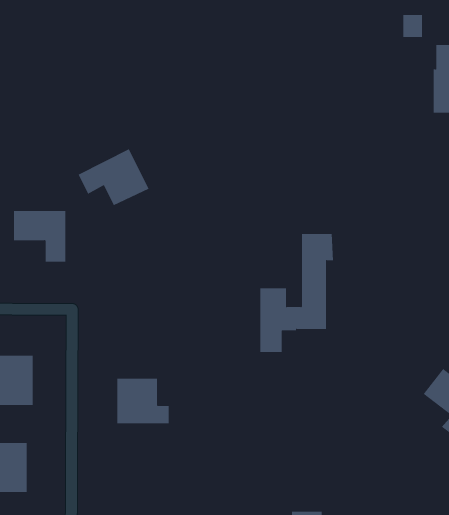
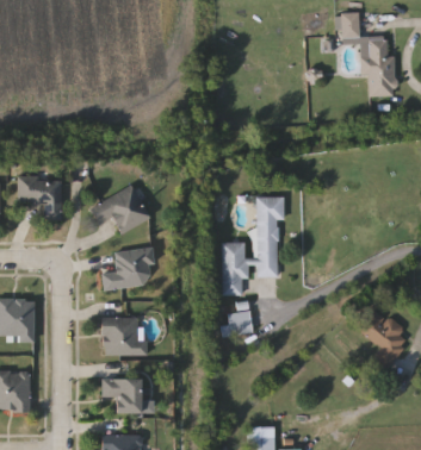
building: [78,149,149,206] -> [89,186,149,233]
building: none -> [100,246,154,289]
building: none -> [222,312,250,335]
building: none -> [100,379,140,413]

